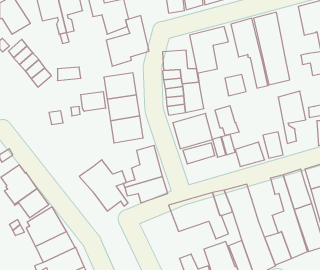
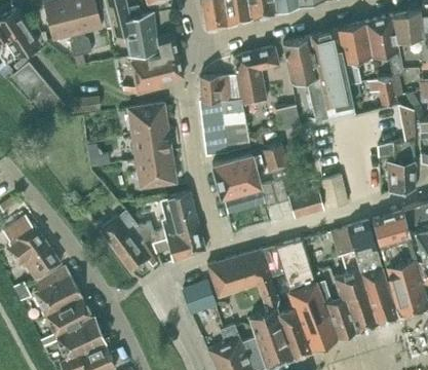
building: [278,91,306,143] -> [338,22,372,85]
building: [81,92,106,111] -> none
building: none -> [182,281,215,312]

